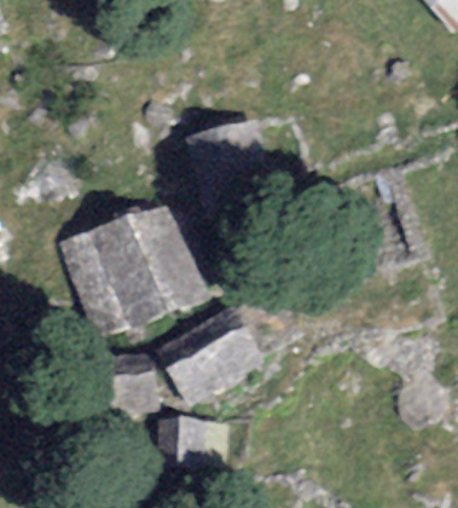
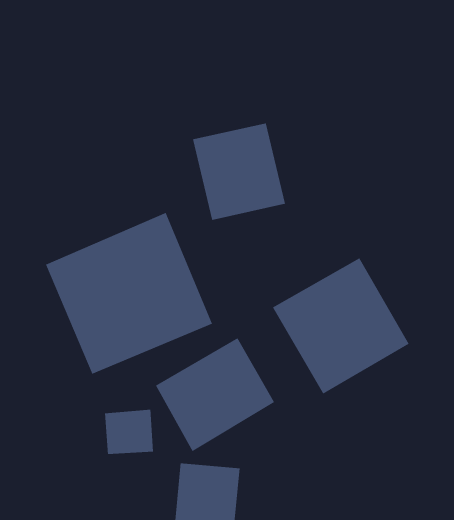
building: none -> [272,258,409,394]

